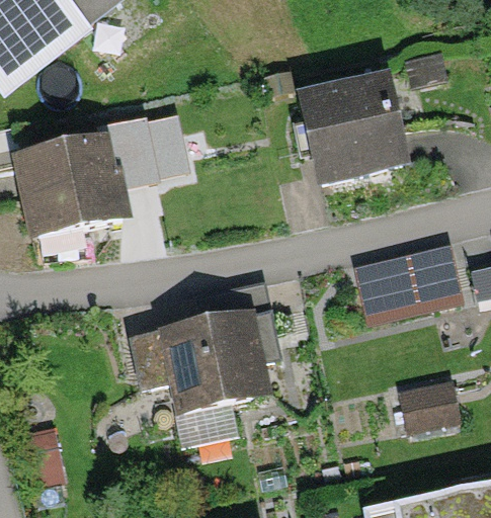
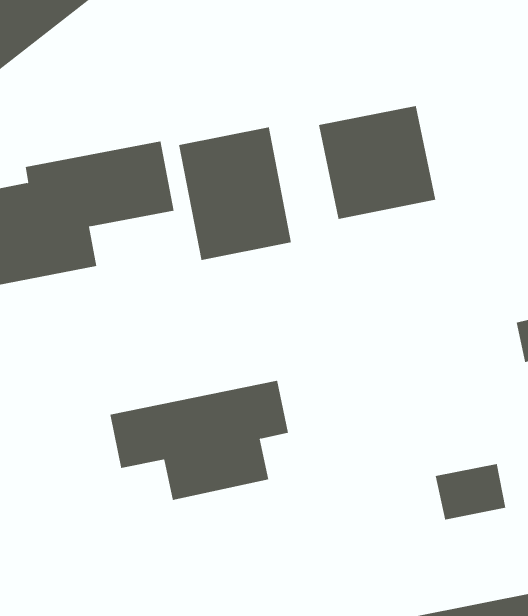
building: none -> [178,127,292,261]
building: [357,246,460,318] -> none

